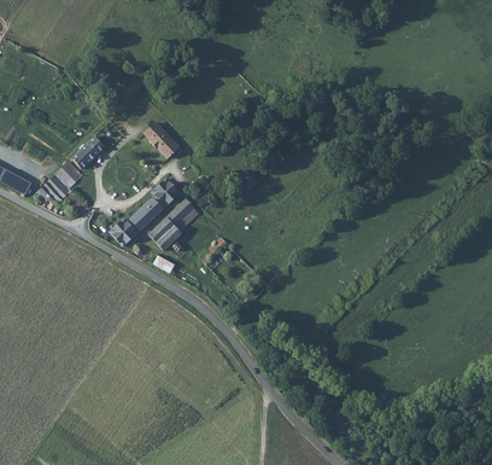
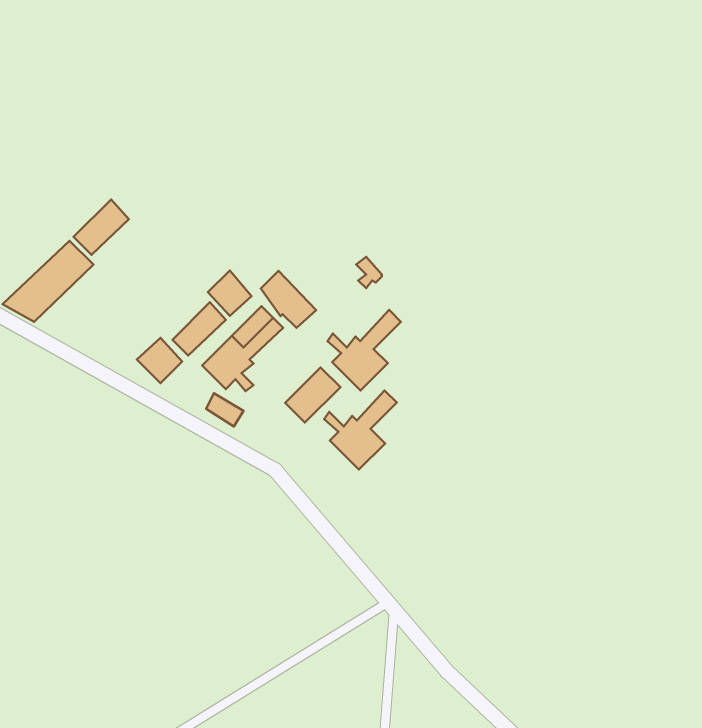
building: [146,122,180,157] -> [261,271,316,328]
building: none -> [327,310,401,390]
building: none -> [324,390,397,470]

